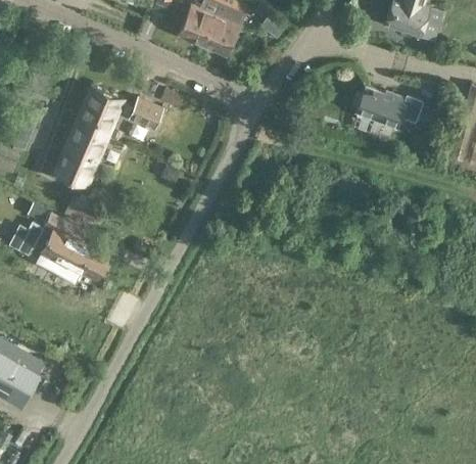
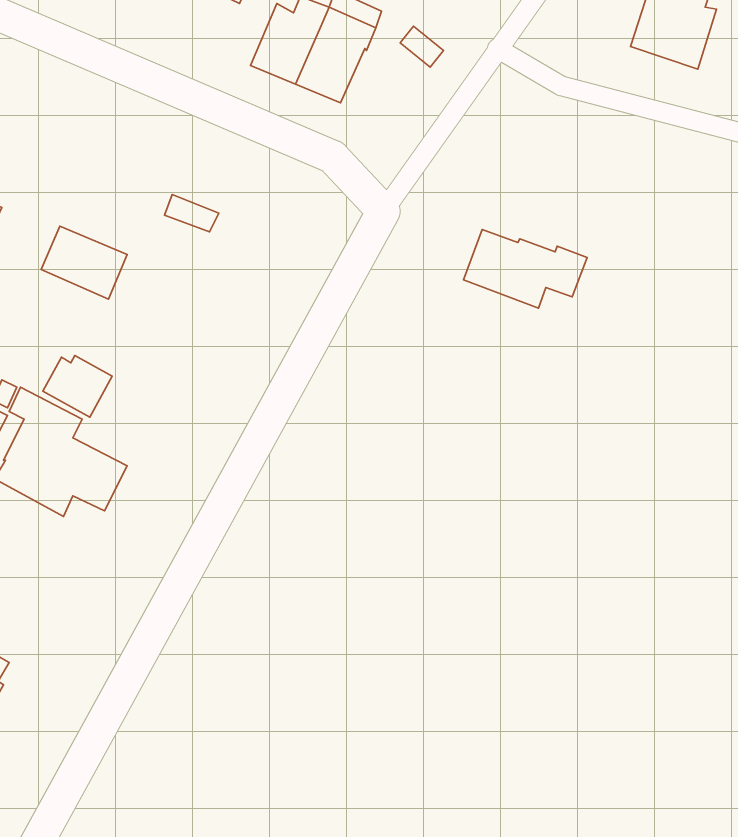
building: [73,85,127,140] -> none
building: [355,87,423,130] -> [464,229,587,308]
building: [52,148,99,189] -> none

